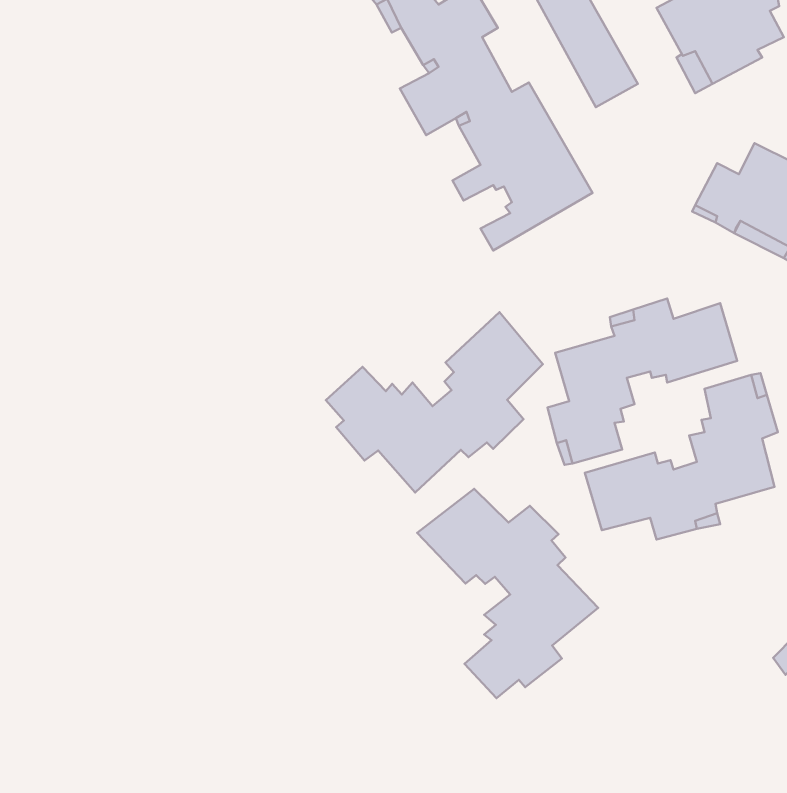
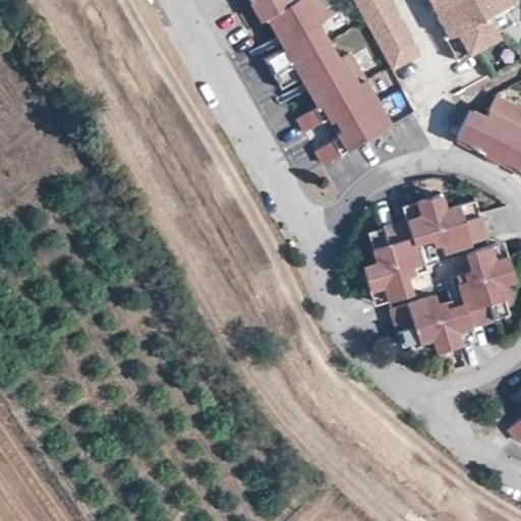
building: [326,312,543,492] -> none
building: [417,489,598,698] -> none

